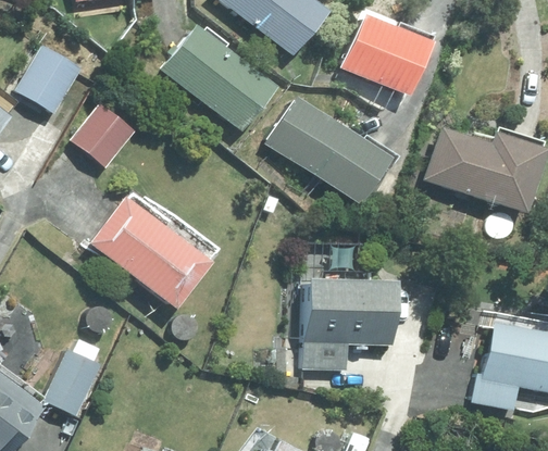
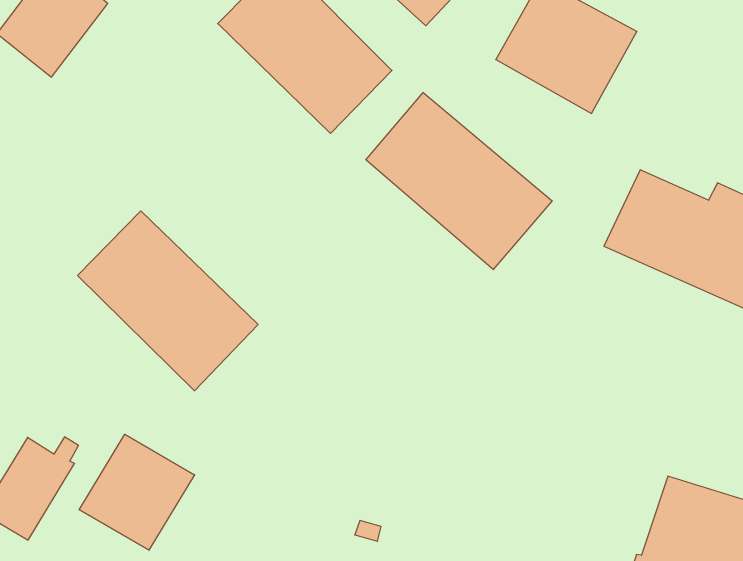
building: [72,103,136,168] -> none
building: [304,275,396,372] -> none
building: none -> [79,434,195,550]

